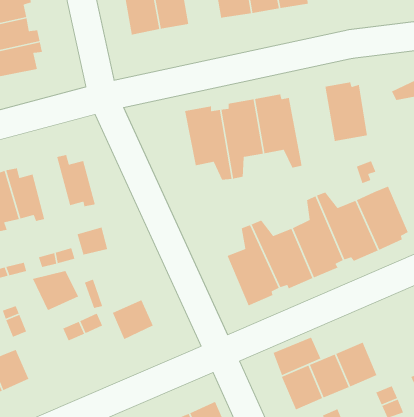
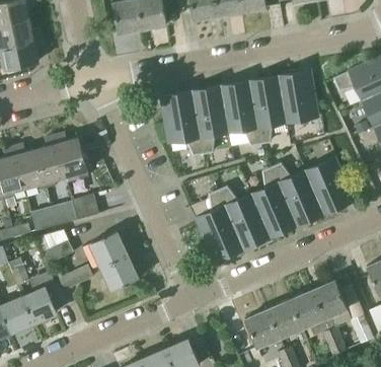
building: none -> [249,76,287,143]
building: none -> [34,135,65,188]
building: none -> [89,231,126,266]
building: none -> [311,280,346,318]
building: [273,336,321,376] -> none
building: none -> [20,286,55,321]

